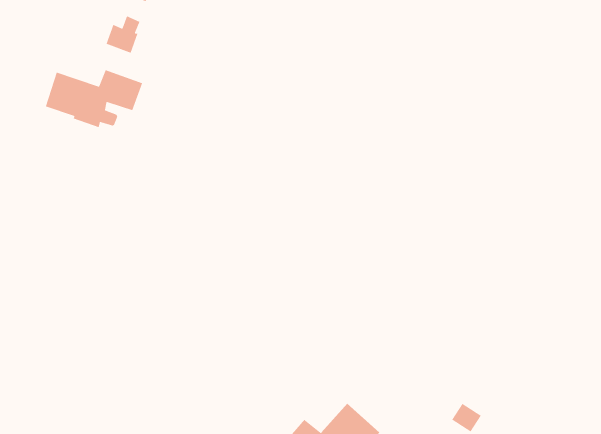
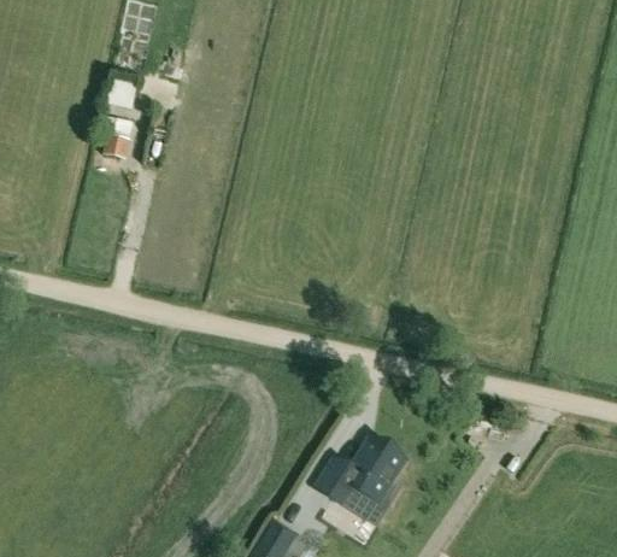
building: [45,69,143,128] -> none

